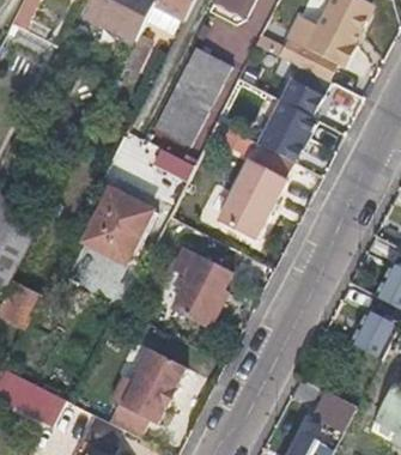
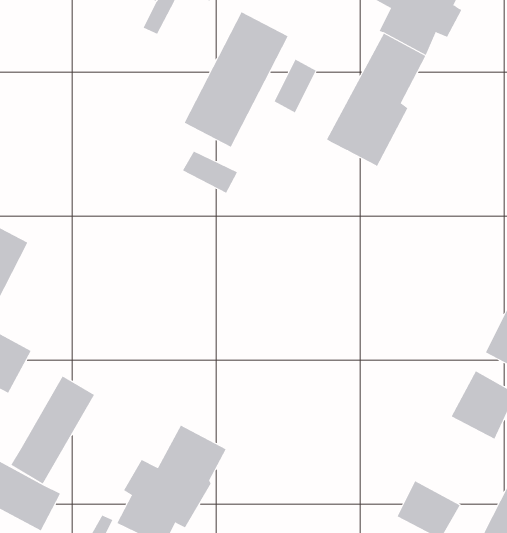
building: [218,142,294,241] -> none
building: [83,189,150,261] -> none
building: [169,245,232,333] -> none
building: none -> [10,375,95,484]

